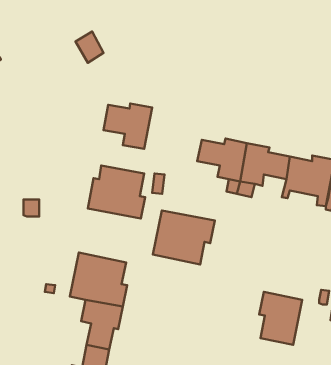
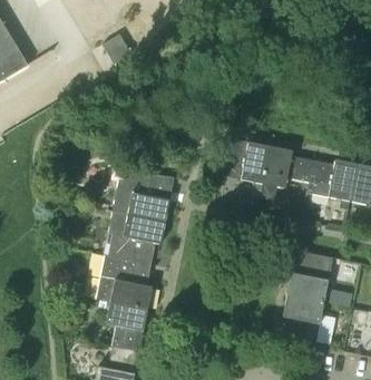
building: [104,104,152,149] -> none
building: [153,210,215,265] -> [104,212,165,265]
building: none -> [286,252,332,302]

